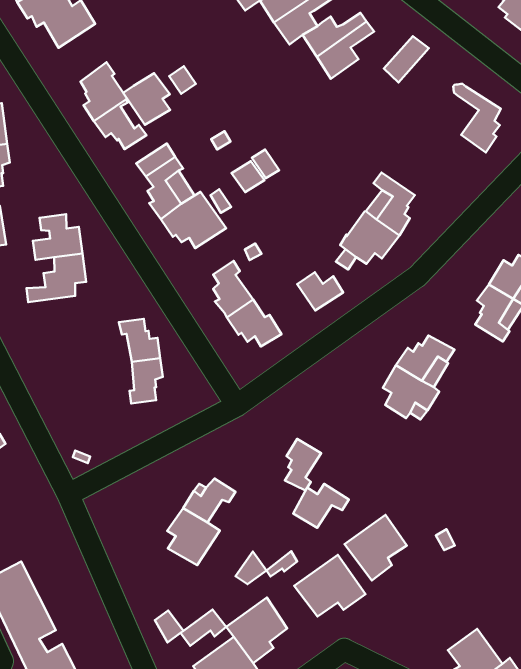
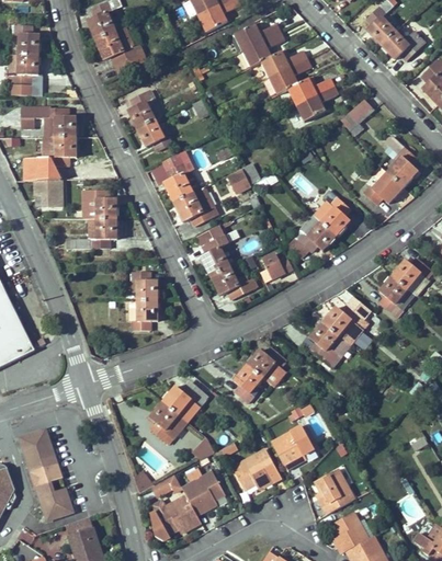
building: [123,73,170,125] -> none
building: none -> [363,172,403,204]
building: [293,484,349,528] -> [247,348,286,378]
building: none -> [314,469,353,514]

